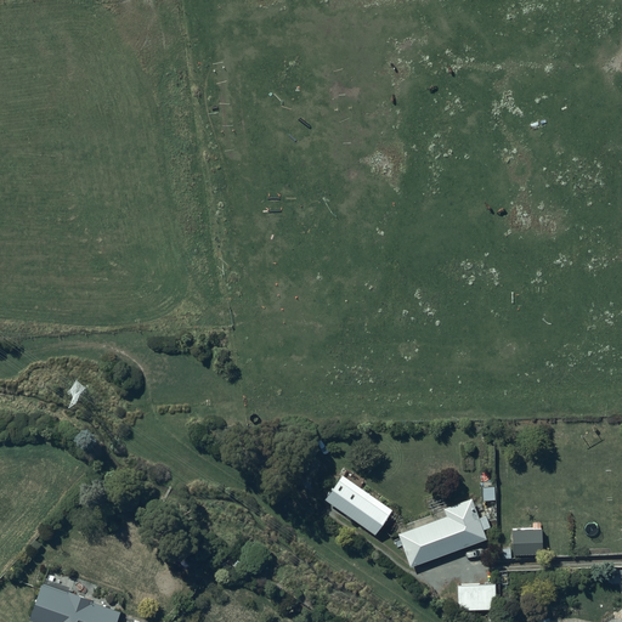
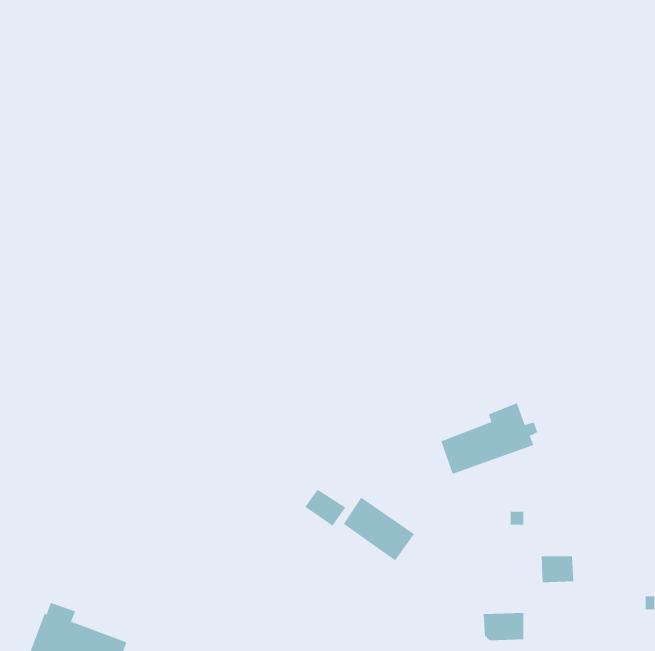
building: none -> [304,489,346,526]
building: [398,499,491,567] -> [441,403,538,475]

